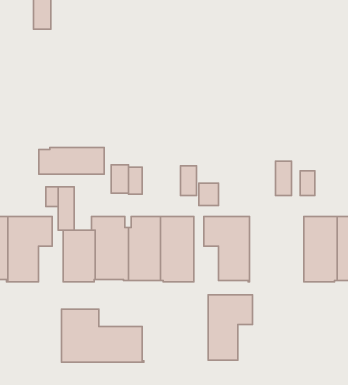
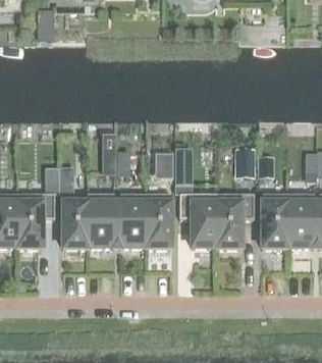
building: [39,148,104,174] -> none
building: [208,295,253,360] -> [216,194,253,248]
building: [61,309,144,362] -> none

